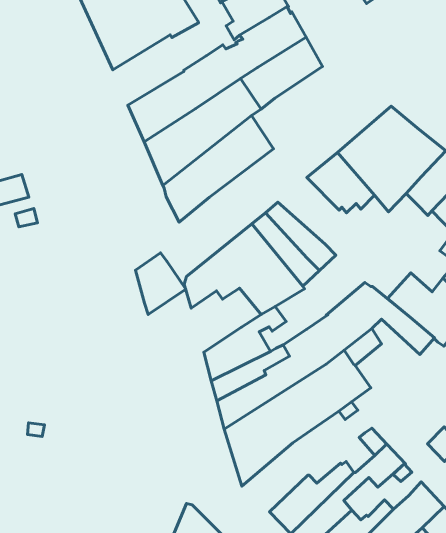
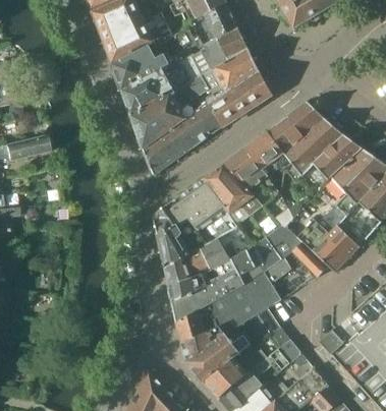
building: none -> [112,27,197,91]
building: none -> [208,71,272,127]
building: none -> [223,149,280,196]
building: [135,253,186,314] -> [158,225,192,268]
building: none -> [186,327,251,383]

